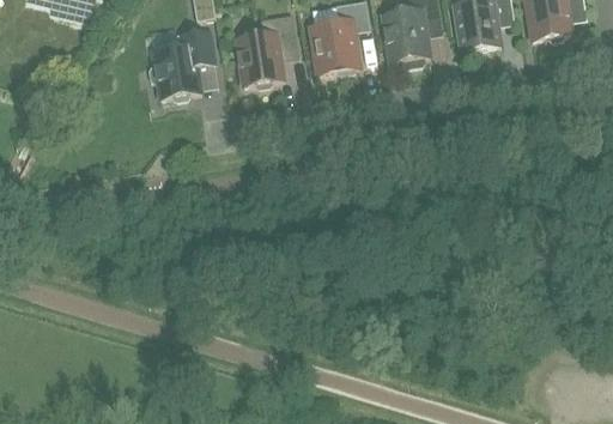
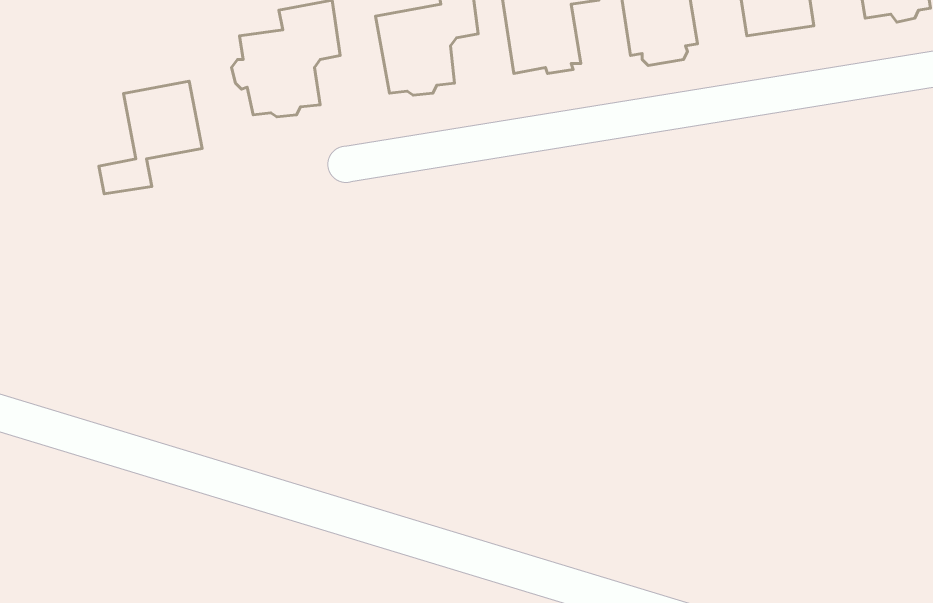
building: none -> [99,81,202,194]

